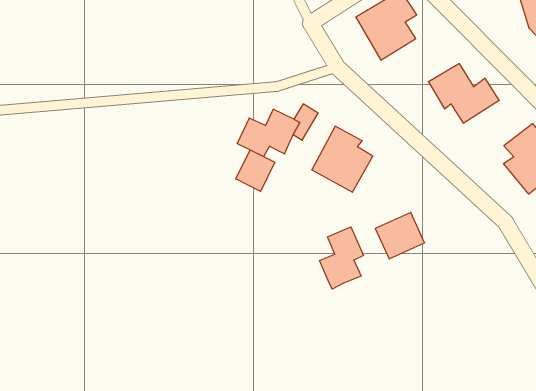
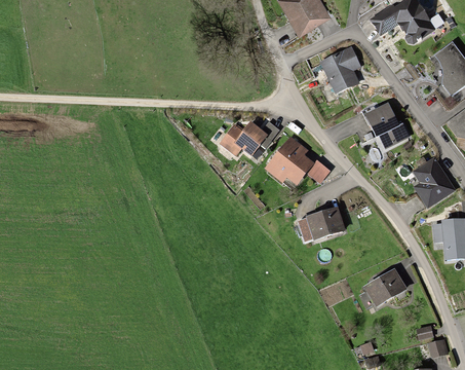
building: [236,150,275,191] -> none
building: [320,227,364,289] -> none
building: none -> [367,273,406,306]

